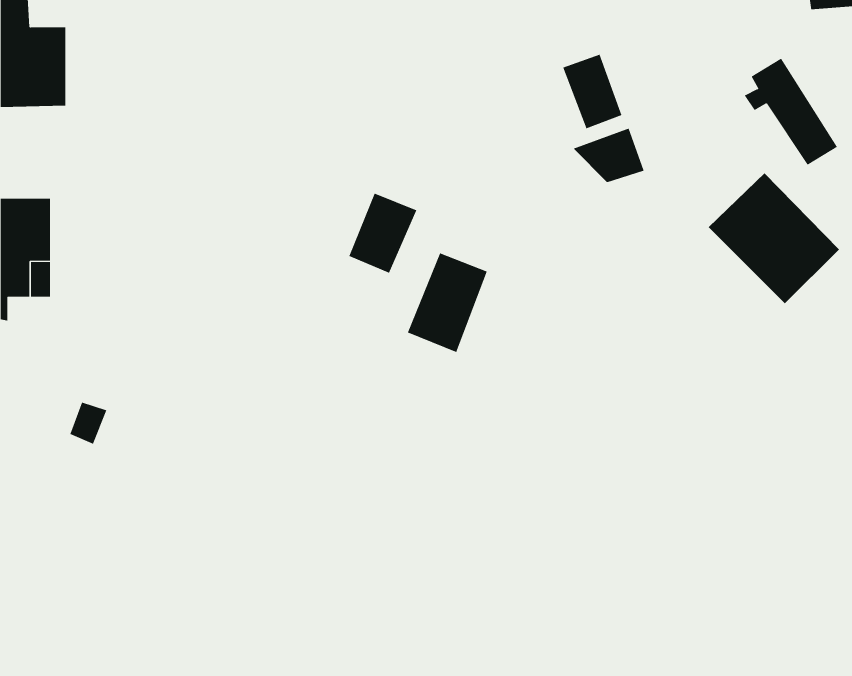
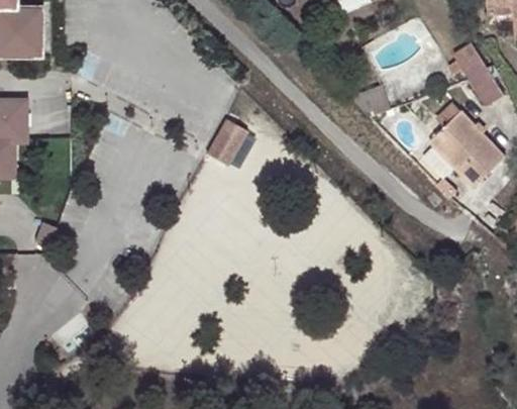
building: [562,54,622,129] -> none
building: [407,253,488,353] -> none

